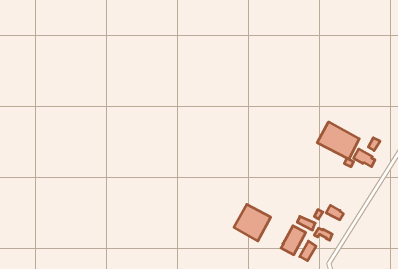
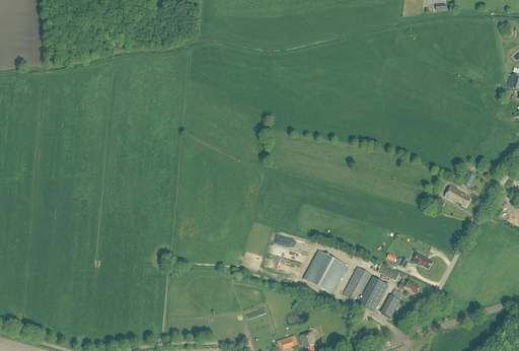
building: [317,122,359,159] -> none
building: none -> [343,266,373,303]

